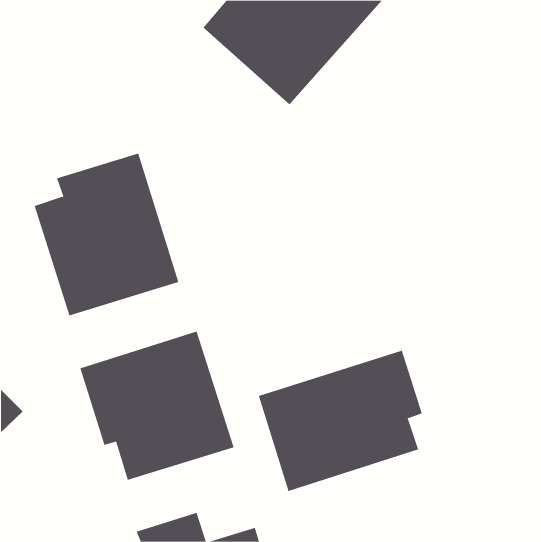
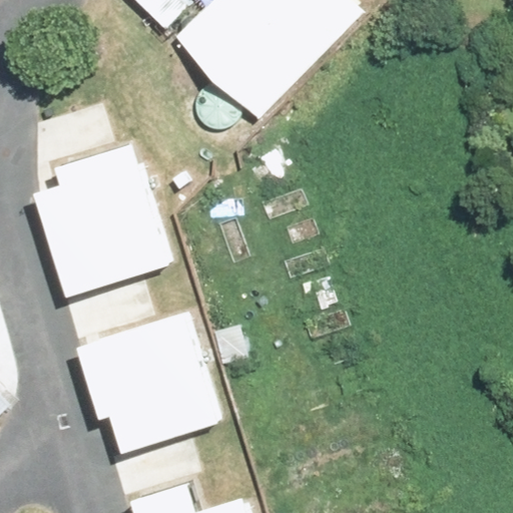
building: [258,350,422,492] -> none

